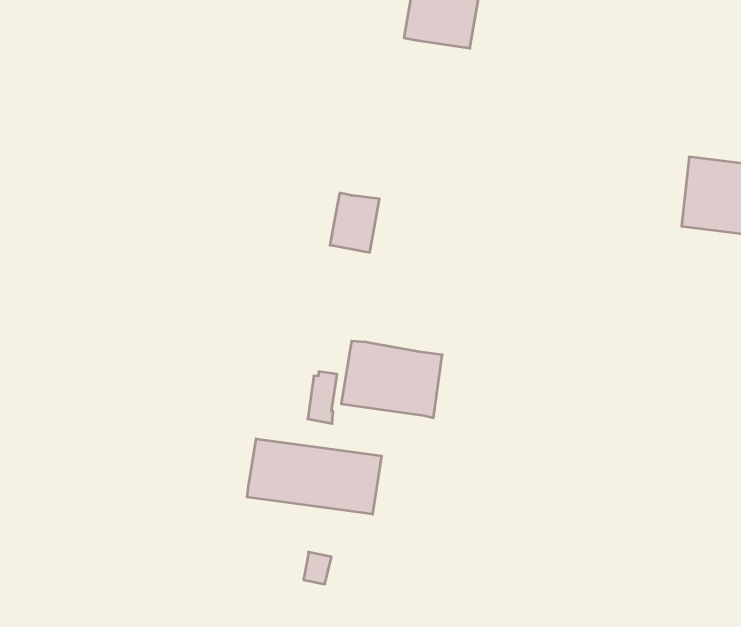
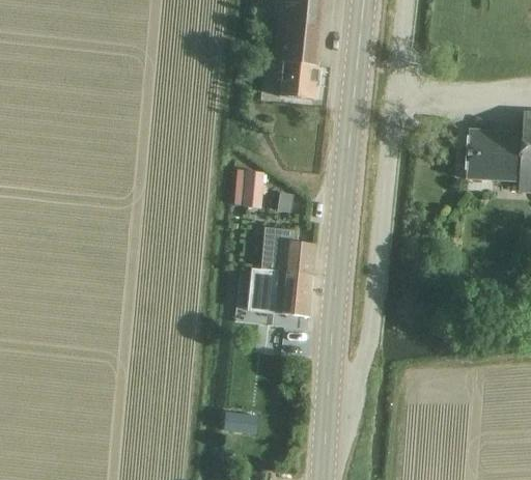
building: none -> [278,64,317,100]
building: none -> [260,227,315,274]
building: [247,439,382,514] -> none

